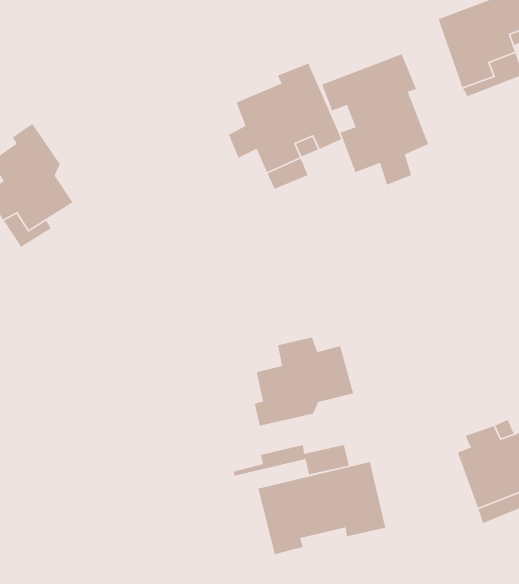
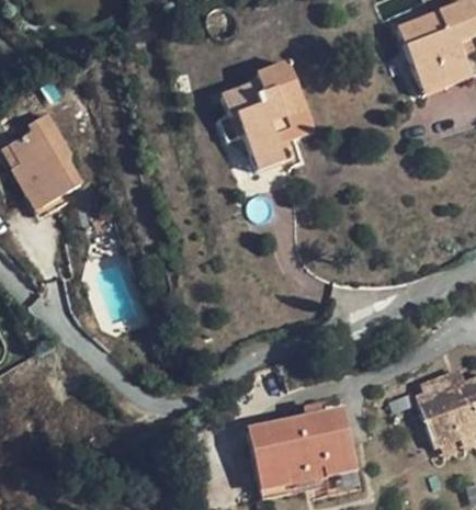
building: [321,53,429,186] -> none
building: [254,337,354,426] -> none
building: [233,444,350,476] -> [259,460,359,487]

